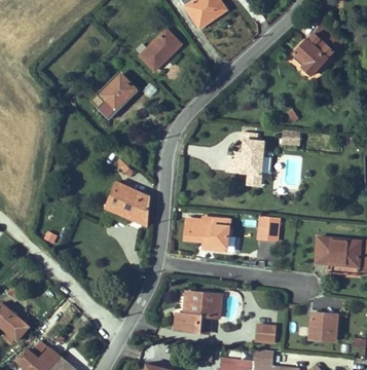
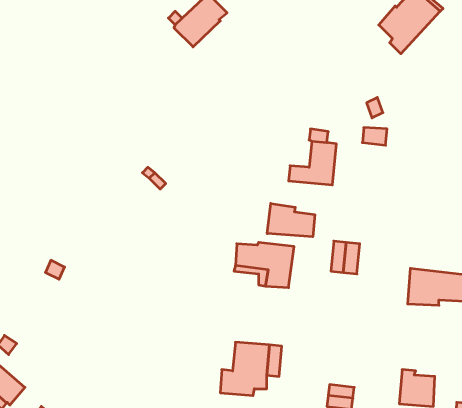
building: [101,74,135,109] -> none
building: [105,181,150,226] -> none
building: none -> [267,203,315,237]

